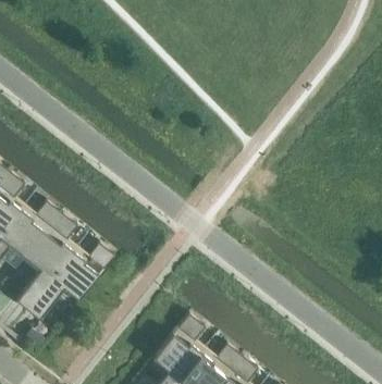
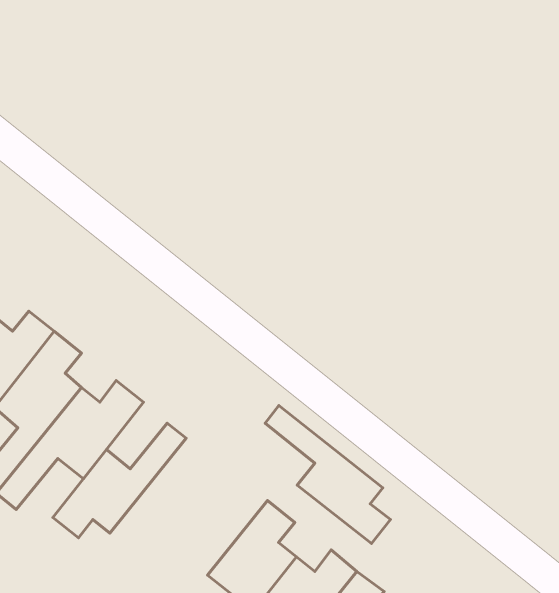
building: none -> [265,405,391,544]
building: none -> [53,423,186,538]

